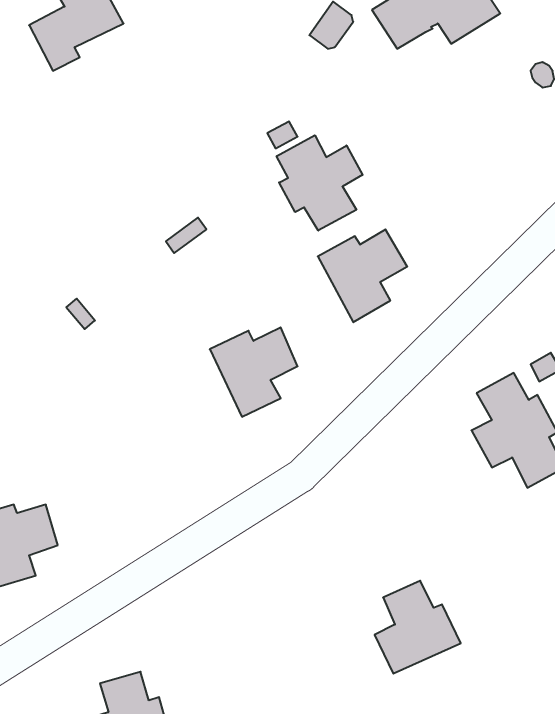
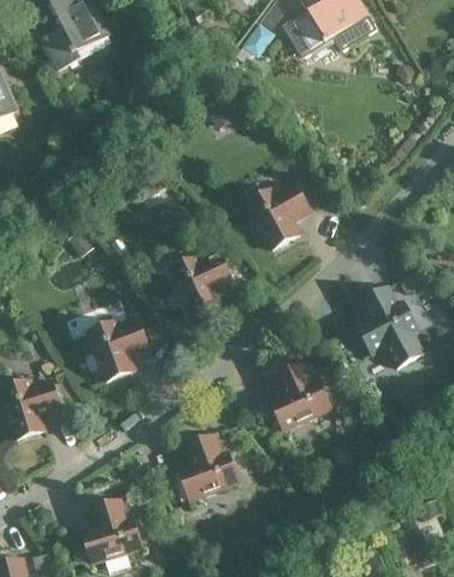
building: [277,135,363,231] -> none
building: none -> [86,318,148,379]
building: none -> [177,432,237,497]
building: [375,581,461,674] -> [269,361,330,428]

